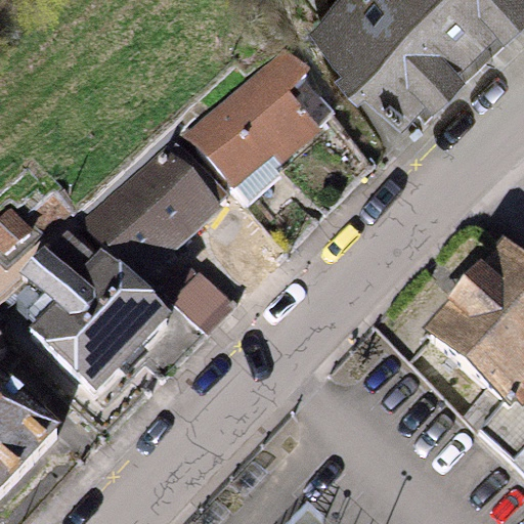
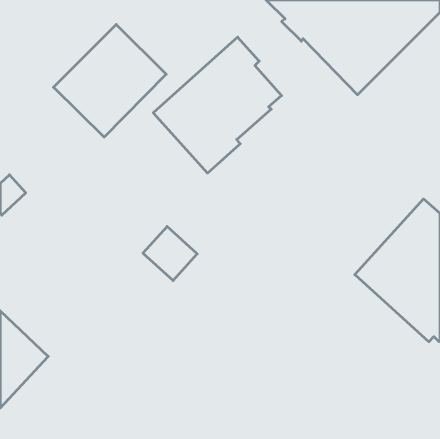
building: [86,146,220,280] -> [53,24,166,137]
building: [19,221,170,392] -> none

